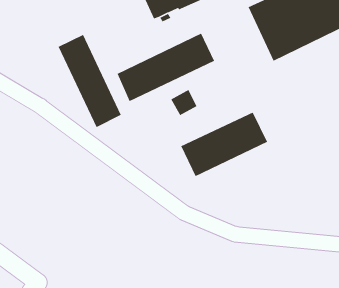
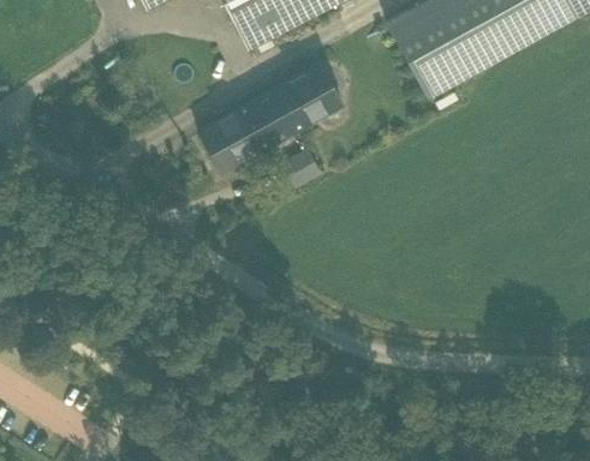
building: [57,34,122,128] -> none
building: [180,112,268,177] -> none

